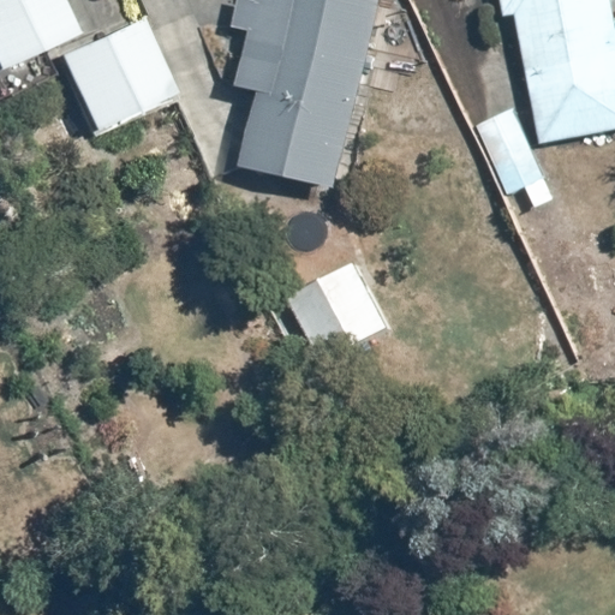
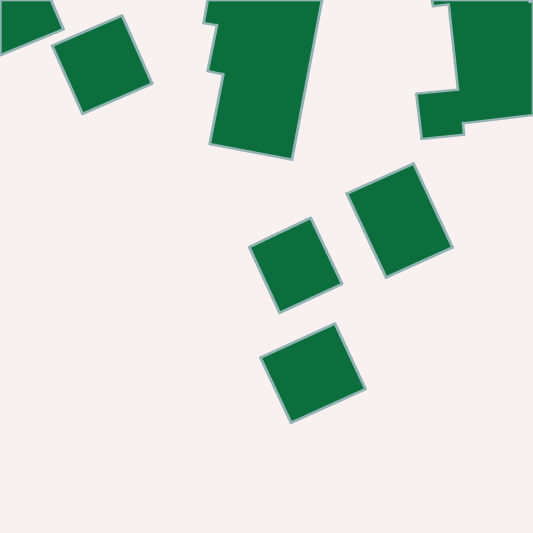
building: none -> [347,163,453,278]
building: none -> [261,324,365,423]

